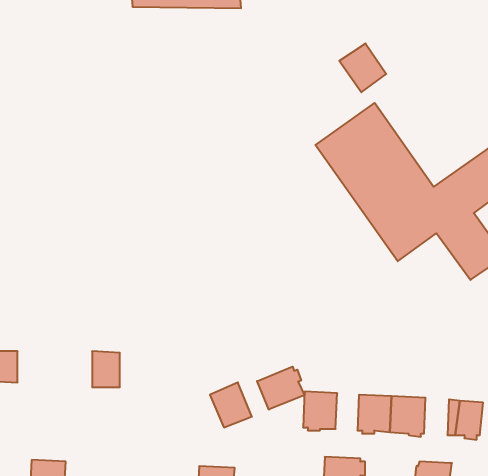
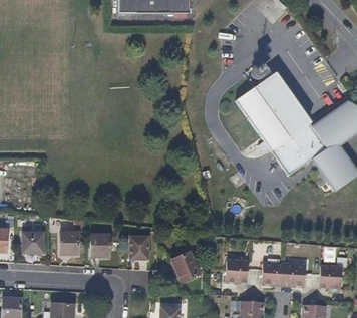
building: [339,43,386,92] -> none
building: none -> [59,232,78,255]
building: none -> [129,236,148,258]
building: [257,367,304,410] -> none

